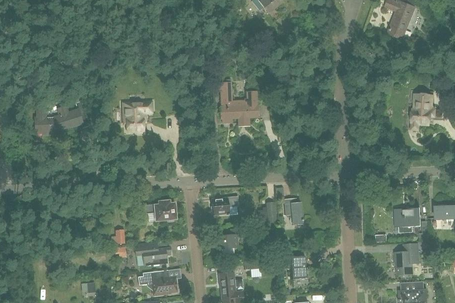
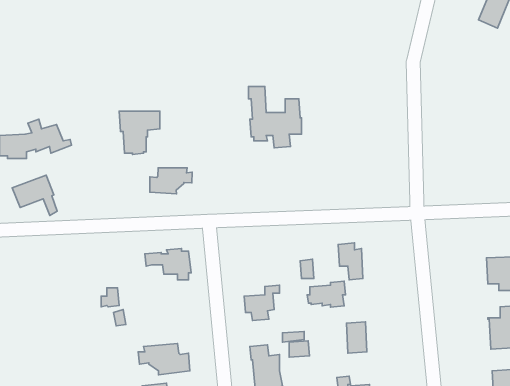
building: none -> [150,168,192,194]
building: none -> [12,175,57,216]
building: [211,195,239,214] -> [307,281,345,307]
building: [135,241,170,264] -> none

